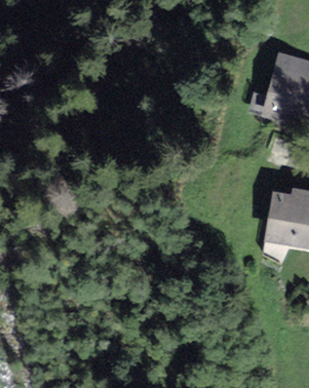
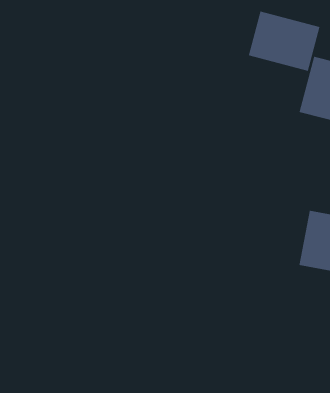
building: none -> [248,10,320,72]

